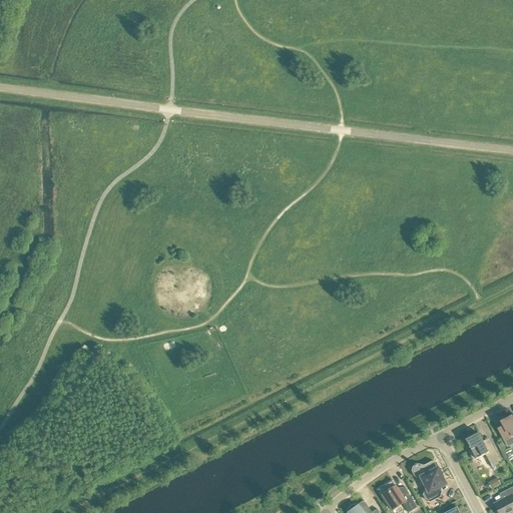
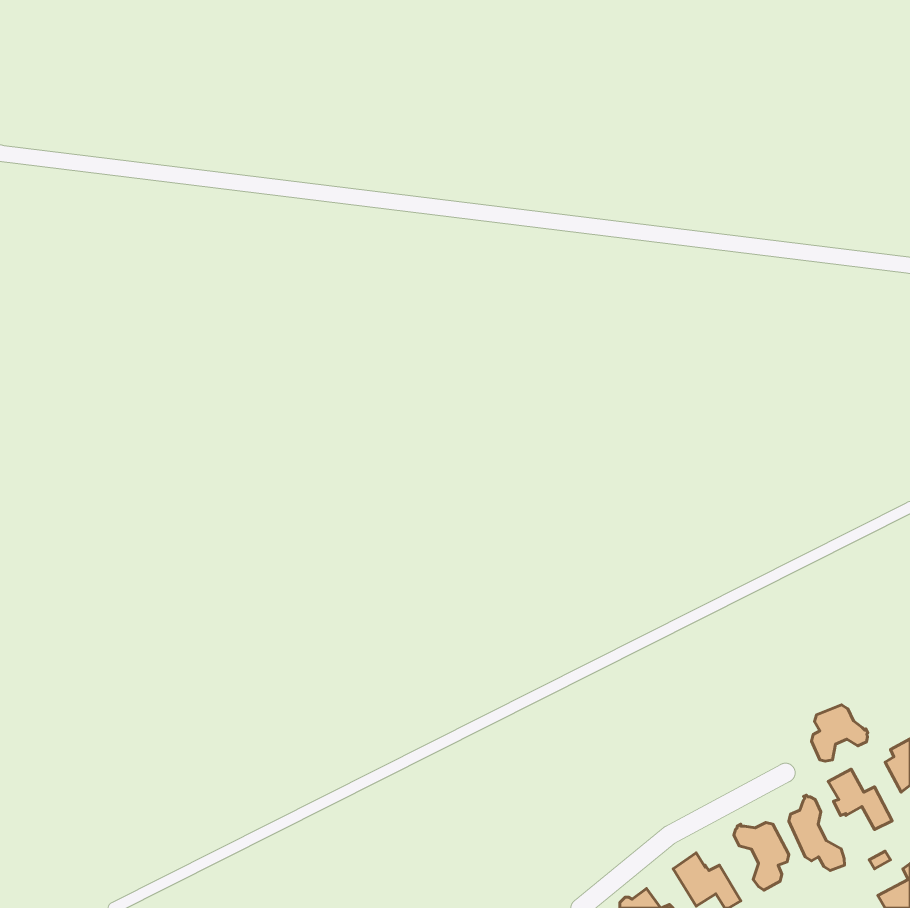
building: none -> [812,705,868,761]
building: none -> [789,795,845,871]

